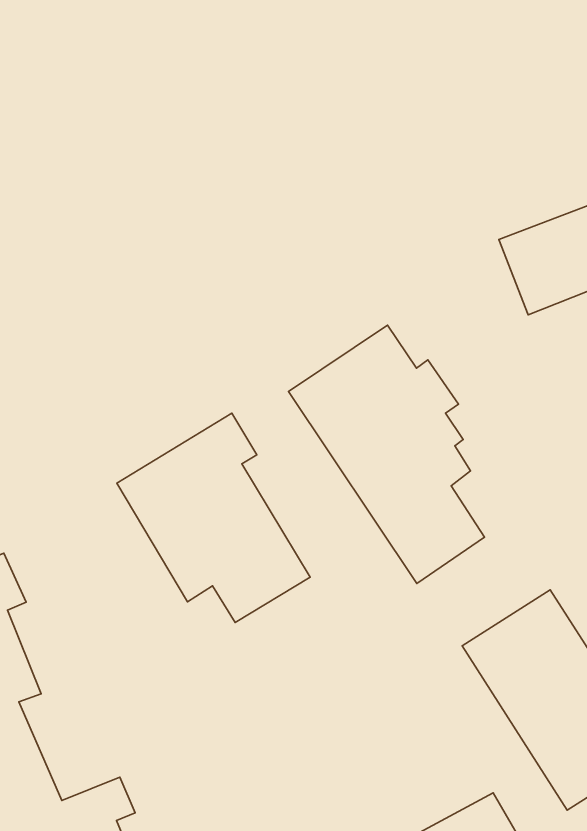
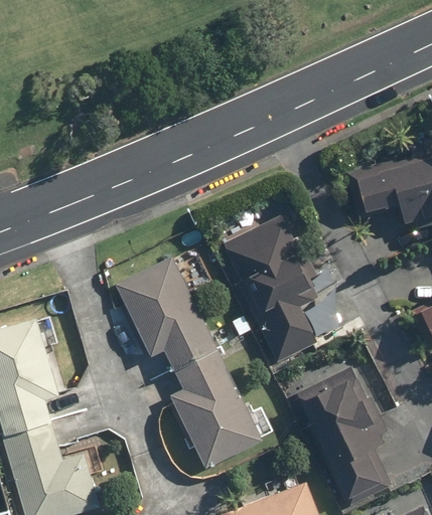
building: none -> [170,356,274,466]

